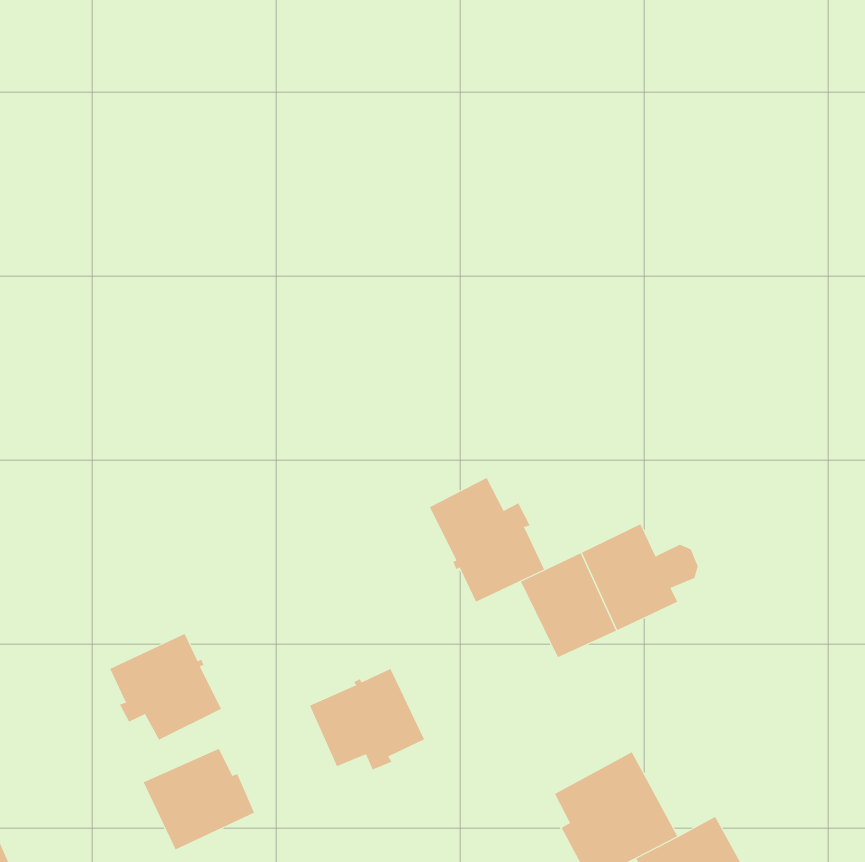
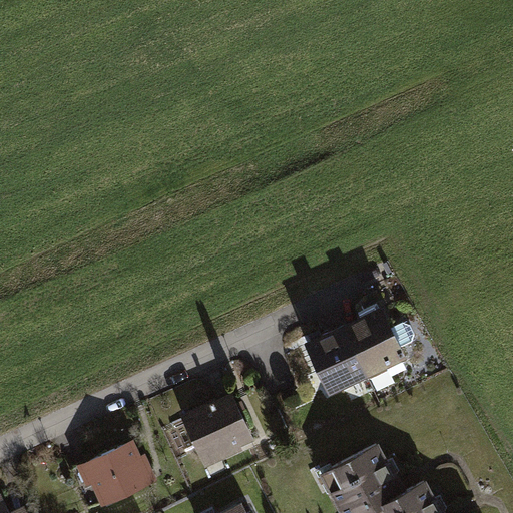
building: [429,477,545,602] -> none
building: [109,633,222,741] -> none

